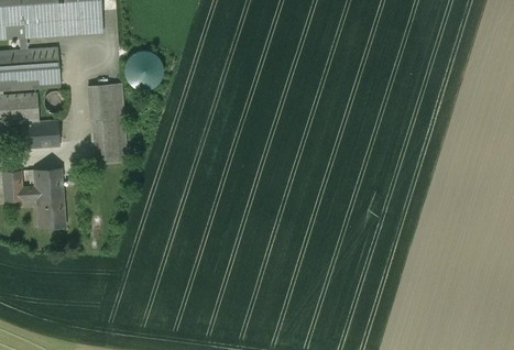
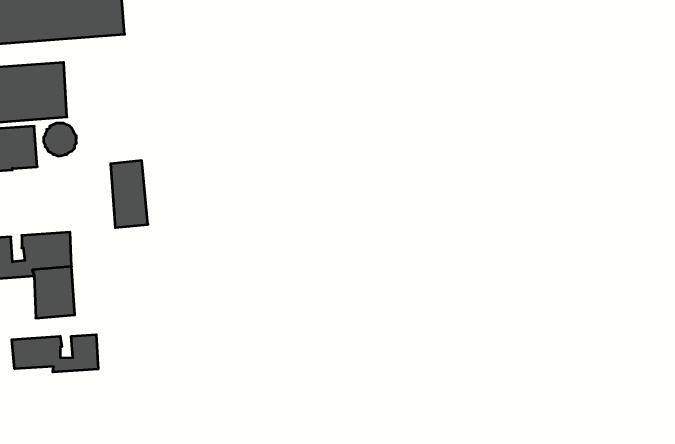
building: [124,51,163,89] -> none
building: [88,84,127,162] -> none
building: [21,120,59,149] -> none
building: none -> [12,335,98,372]

